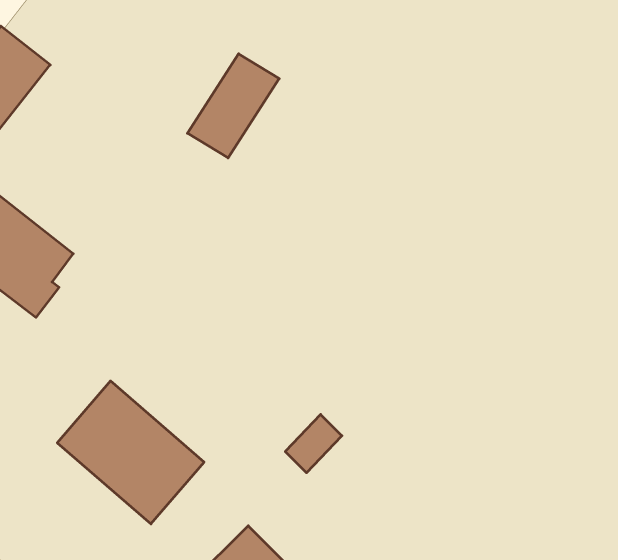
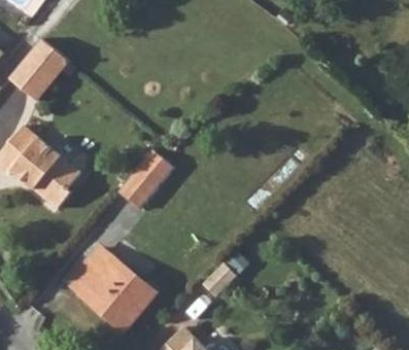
building: [187,54,279,158] -> [121,150,174,211]

